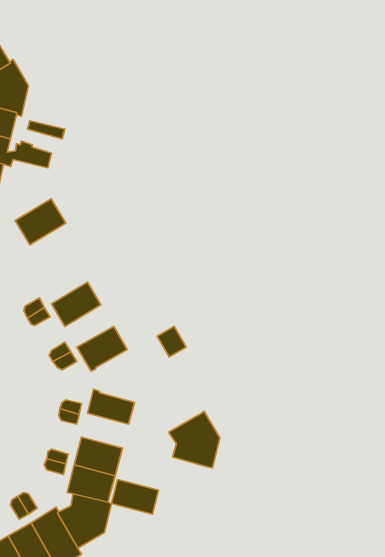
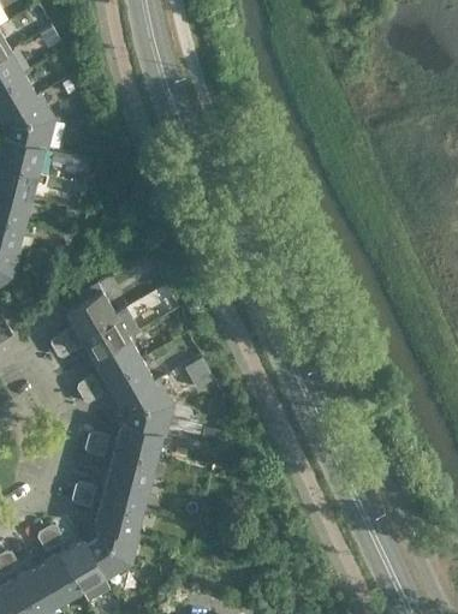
building: [15,199,66,245] -> [65,291,115,336]
building: none -> [93,338,142,380]
building: [169,411,220,468] -> [124,380,174,436]
building: [112,479,158,514] -> [109,446,156,481]

